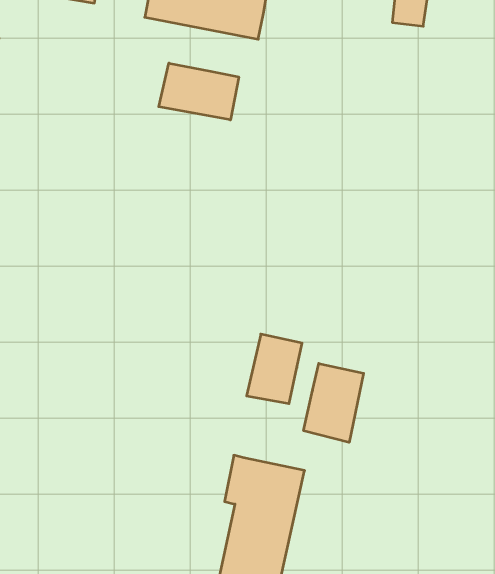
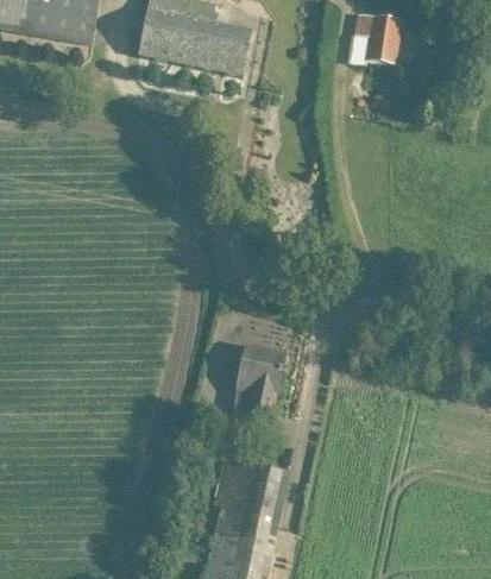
building: [159,63,239,120] -> none
building: [304,363,364,442] -> none

